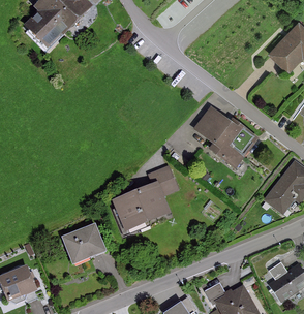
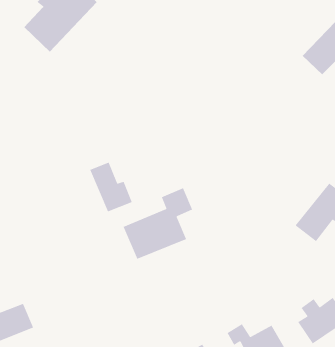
building: [195,108,244,167] -> none
building: none -> [89,162,133,213]
building: [65,224,108,264] -> none

